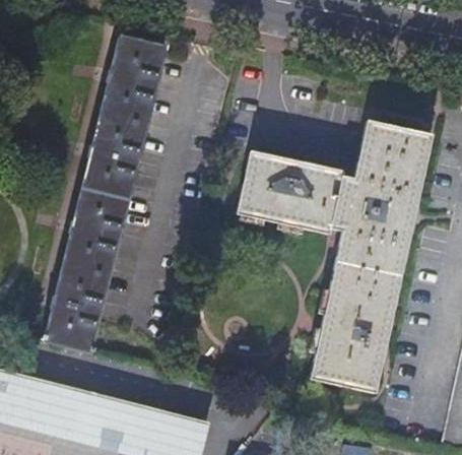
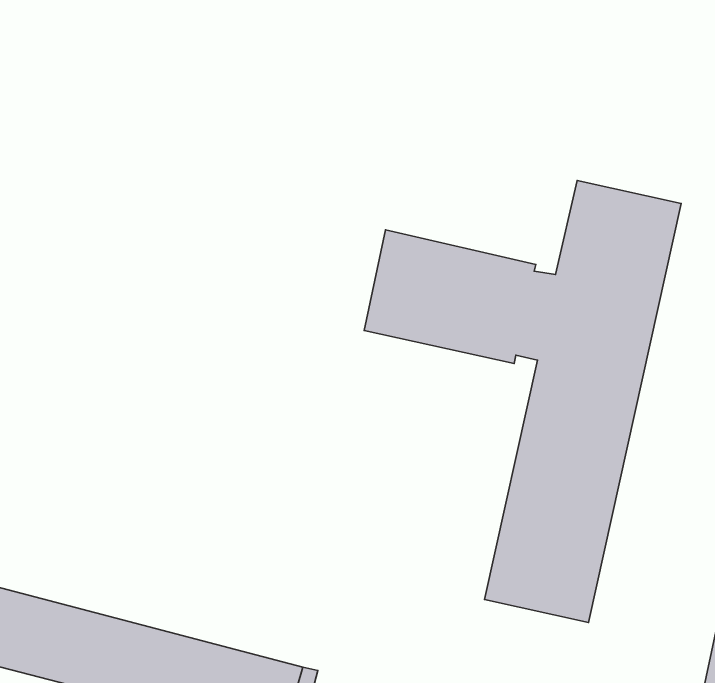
building: [43,37,163,349] -> none

